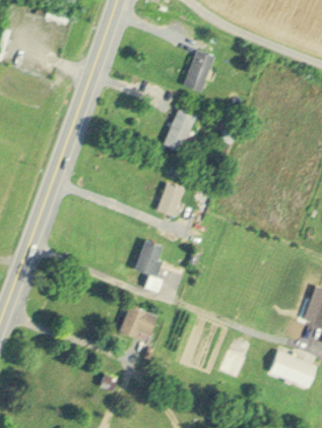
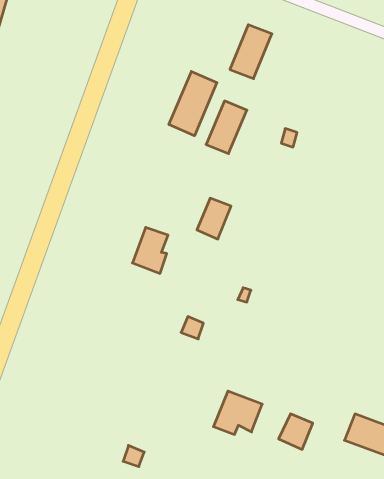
building: none -> [169,71,217,136]
building: [135,241,163,277] -> [132,227,168,273]
building: [121,305,158,339] -> [213,391,262,434]

